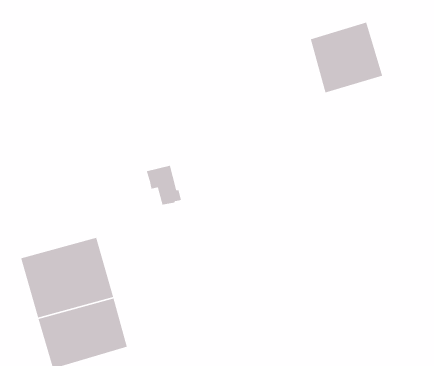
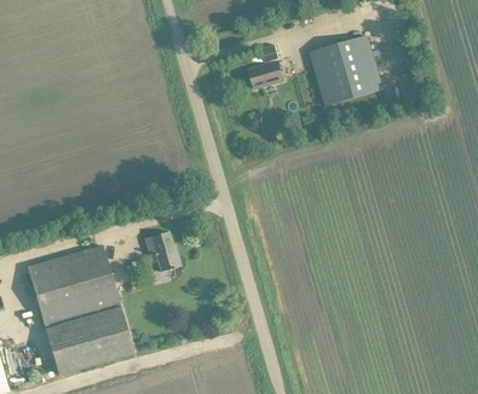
building: none -> [249,60,284,88]
building: [146,165,182,206] -> [145,231,180,271]

